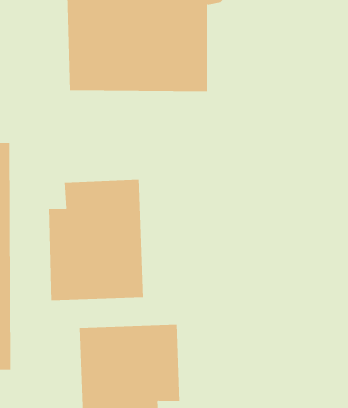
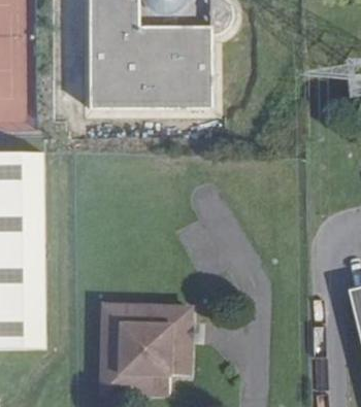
building: [48,179,143,301] -> none

